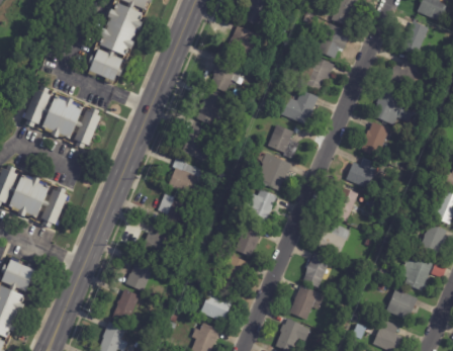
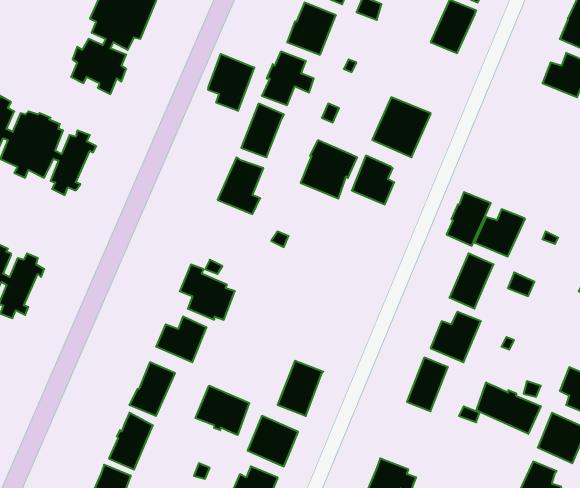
building: [297,56,334,91] -> none
building: none -> [208,54,254,111]
building: [372,87,400,122] -> none
building: [361,121,389,156] -> [447,192,491,246]
building: [255,153,291,190] -> [301,140,357,199]
building: [168,154,205,194] -> none
building: [245,189,276,224] -> none
building: [235,224,262,257] -> none
building: none -> [477,382,541,434]
building: none -> [195,386,249,435]
building: [289,285,325,323] -> none

